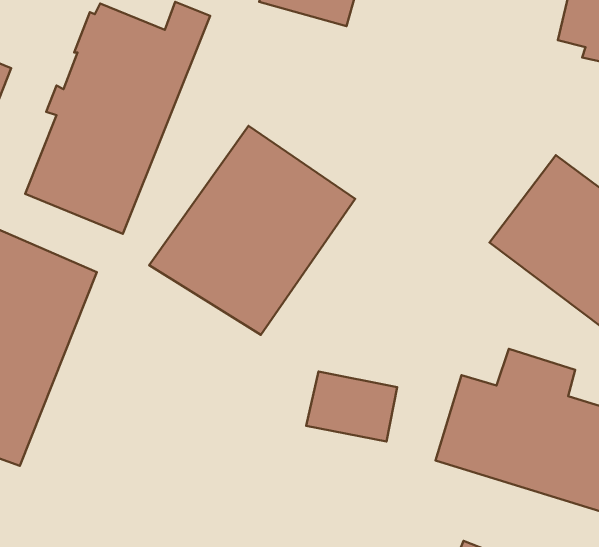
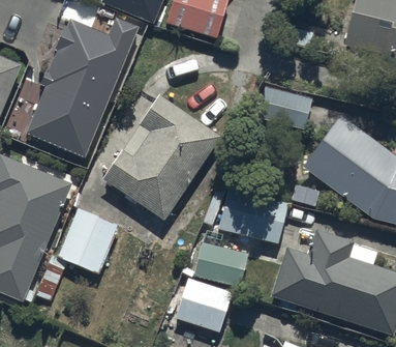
building: none -> [257,85,312,129]
building: none -> [217,190,285,243]
building: none -> [59,206,118,272]
building: none -> [175,277,230,329]

